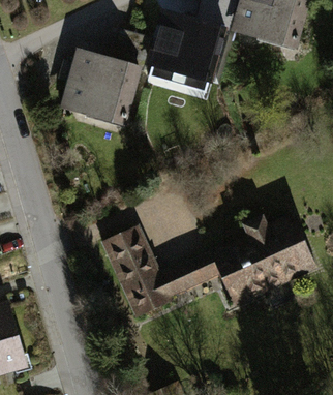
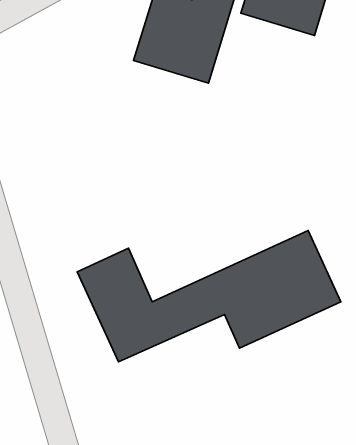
building: [60,33,147,132] -> none

